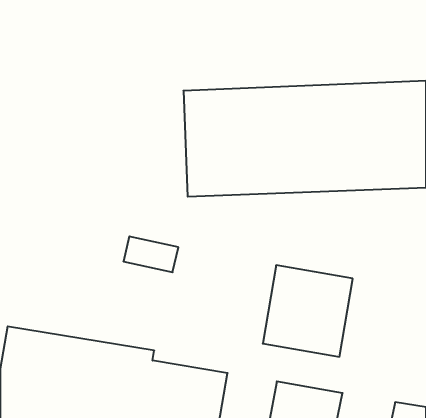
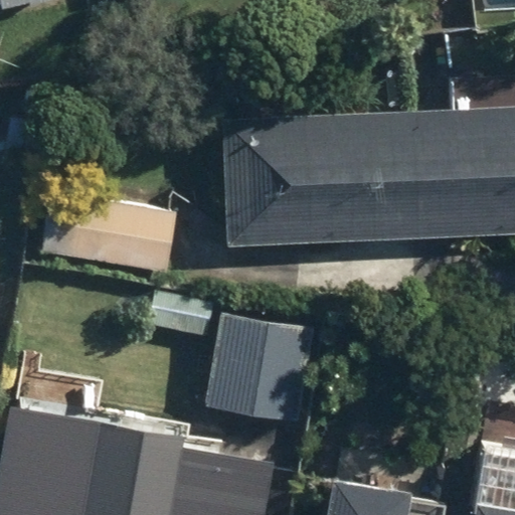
building: none -> [57,195,178,276]
building: [263,265,353,357] -> [205,312,314,422]

